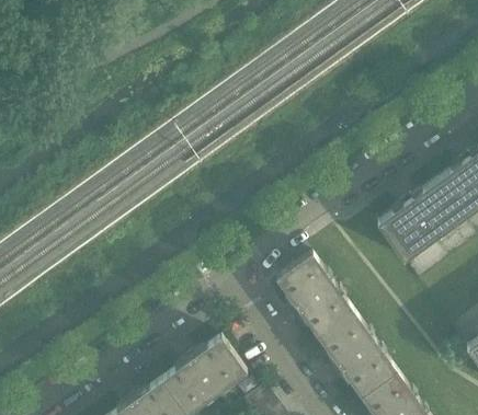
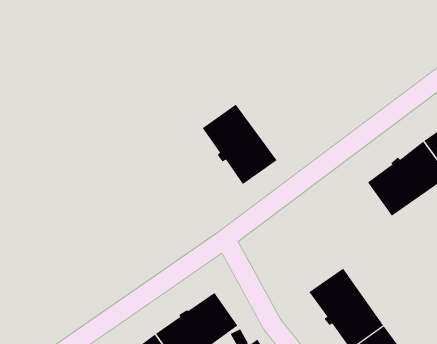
building: [277,254,355,337] -> [202,104,278,185]

